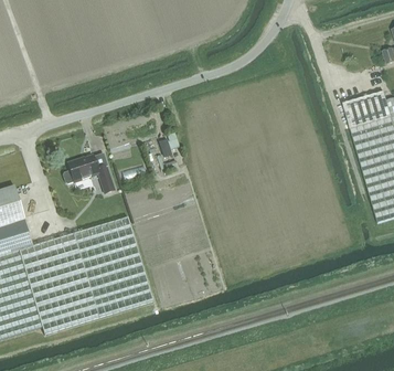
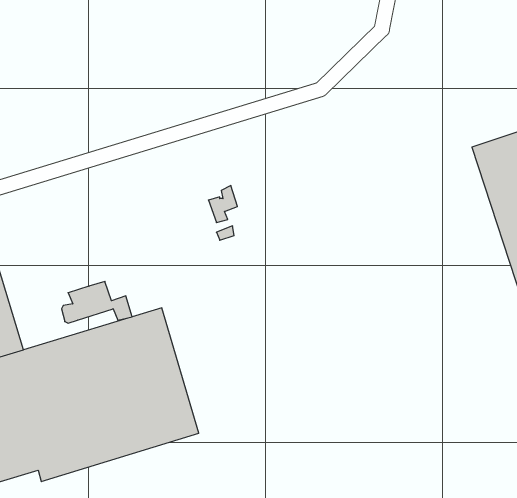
building: [64,155,113,183] -> [62,281,132,323]

